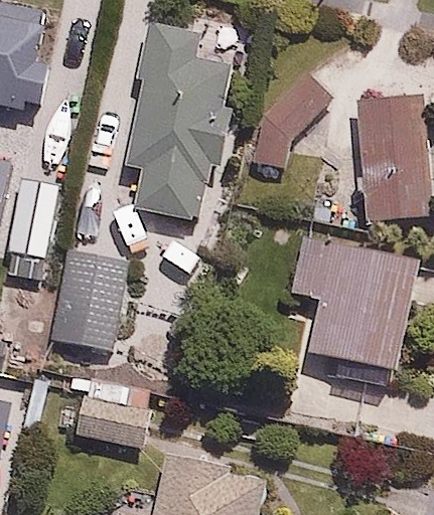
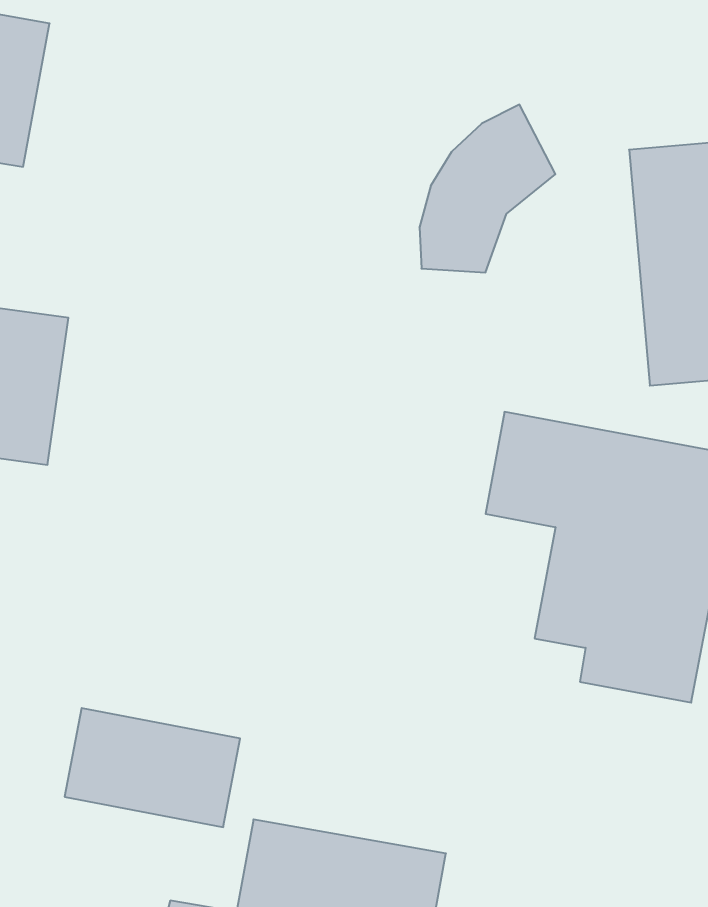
building: [125,23,233,222] -> none
building: [54,247,123,347] -> none

